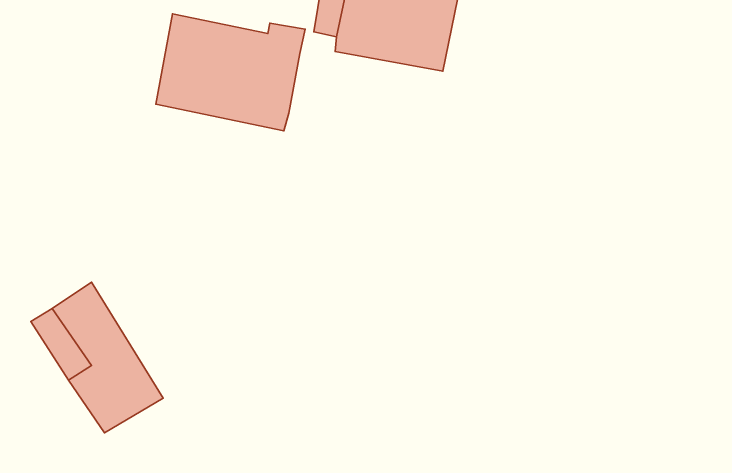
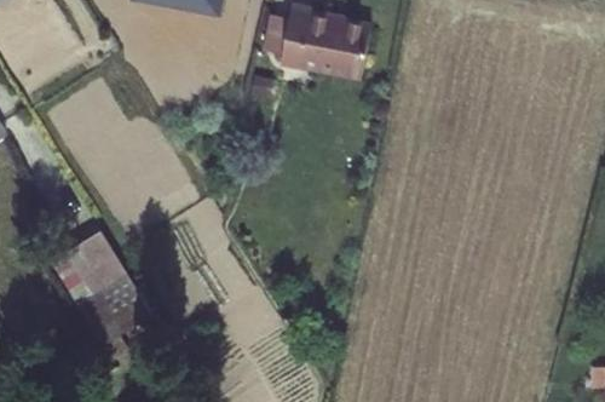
building: [156,14,305,131] -> none

